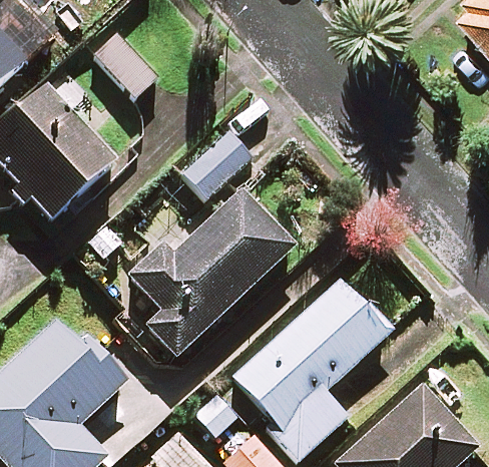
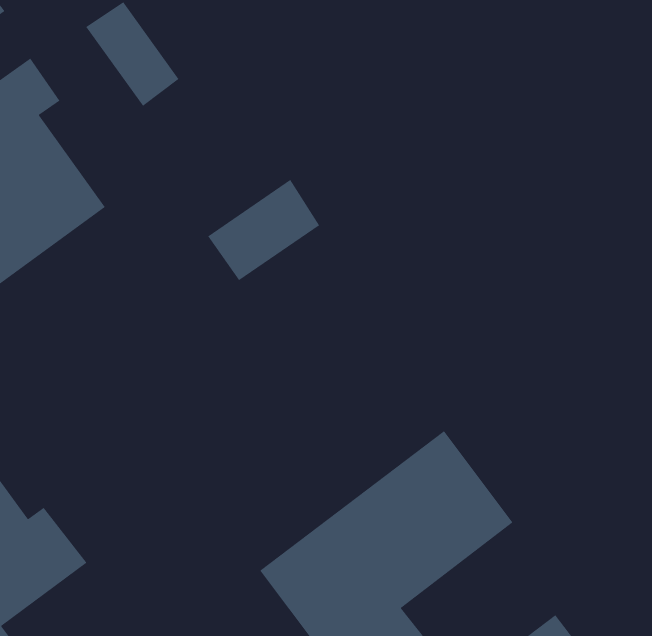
building: [128,189,295,357] -> none

